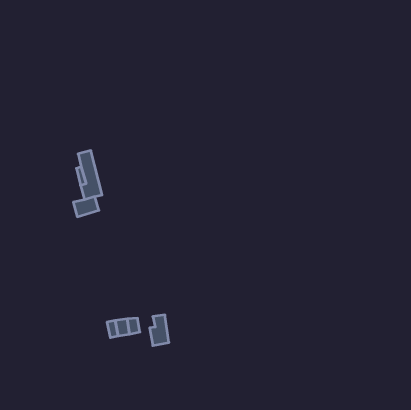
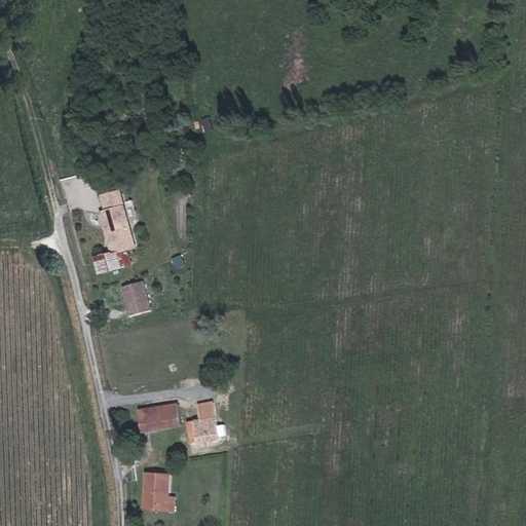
building: none -> [124,278,154,313]
building: none -> [146,474,170,510]

